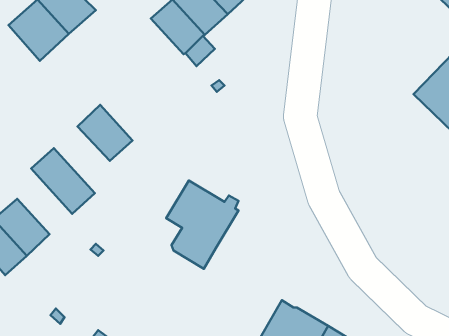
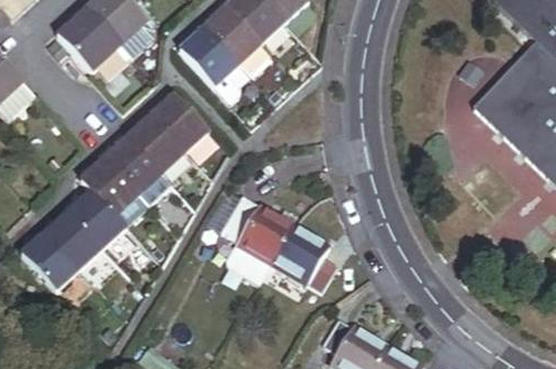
building: none -> [181,27,237,85]
building: none -> [152,94,209,152]
building: none -> [104,137,171,206]
building: none -> [67,191,134,260]
building: none -> [271,224,336,289]

